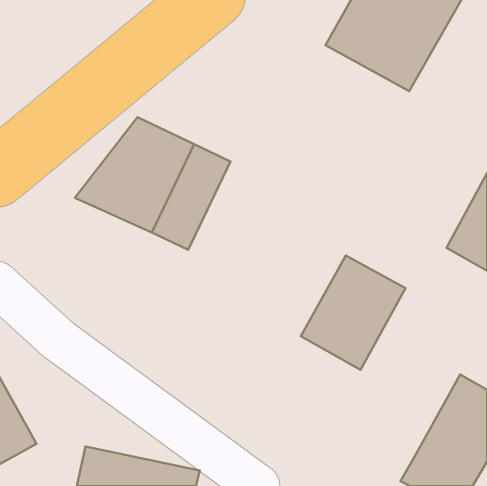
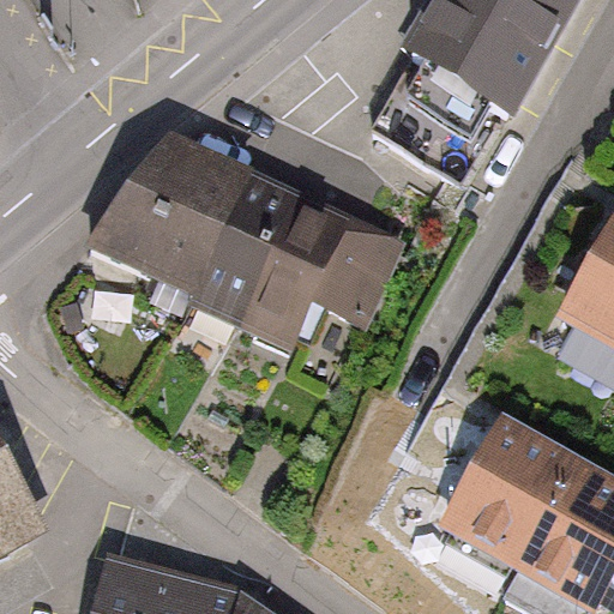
building: none -> [235,201,387,341]
building: [301,255,406,370] -> [444,427,574,570]

